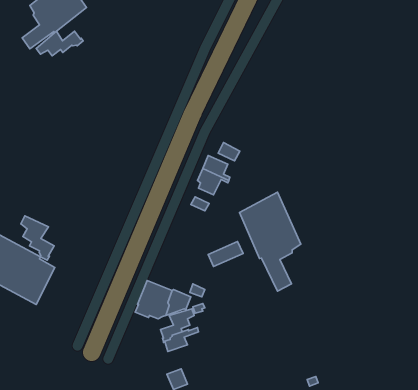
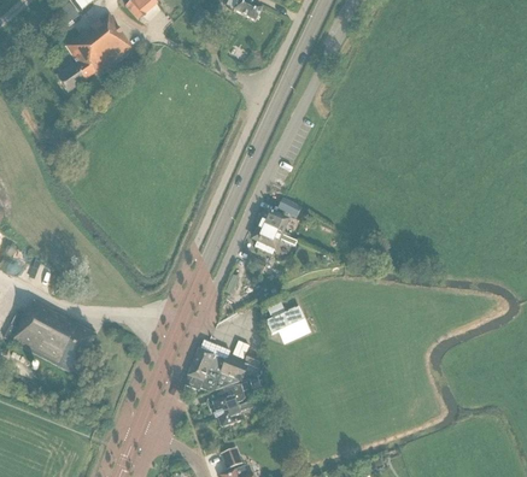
building: [36,31,83,56] -> none
building: [239,192,301,291] -> none
building: [21,216,54,260] -> none

